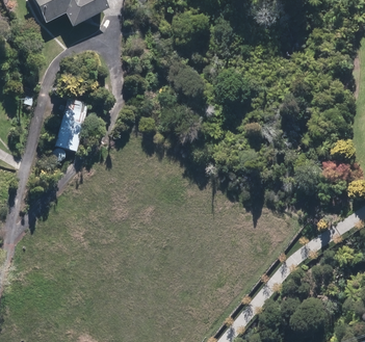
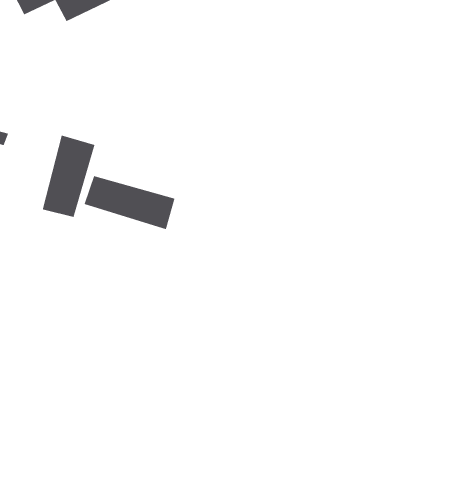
building: none -> [84,175,175,230]

